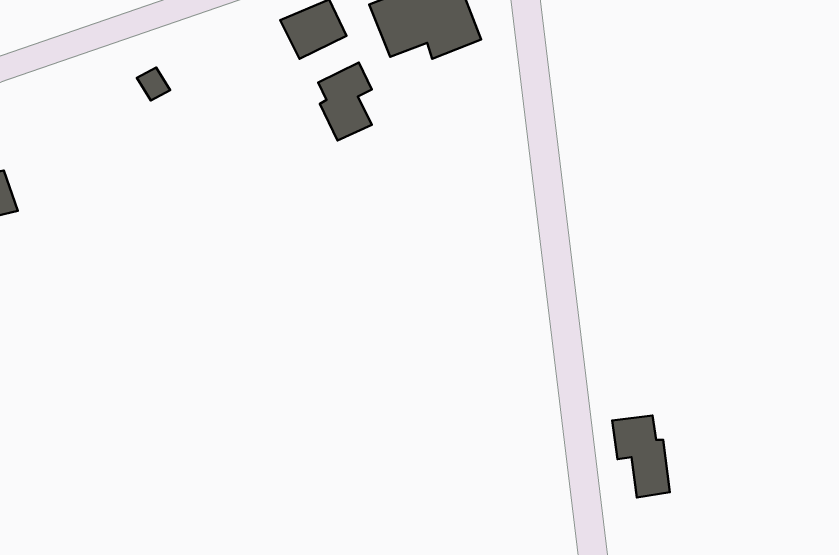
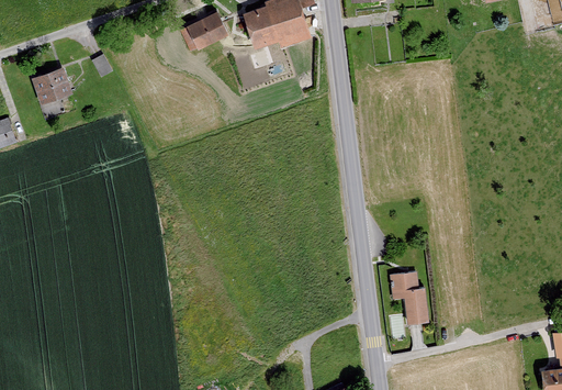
building: [318,63,372,141] -> none
building: none -> [31,66,72,102]

